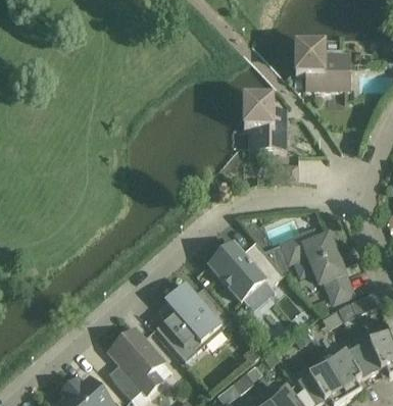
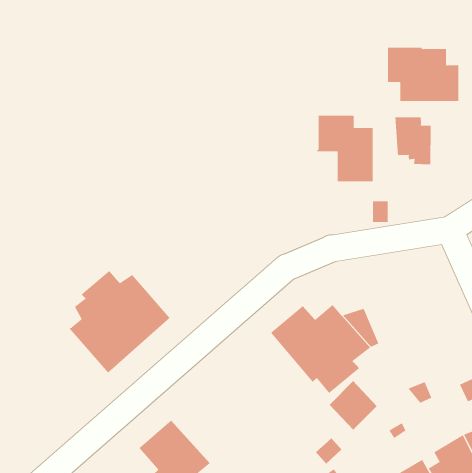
building: none -> [395,117,431,165]
building: [282,230,350,300] -> none
building: [154,283,231,360] -> [69,270,171,373]

